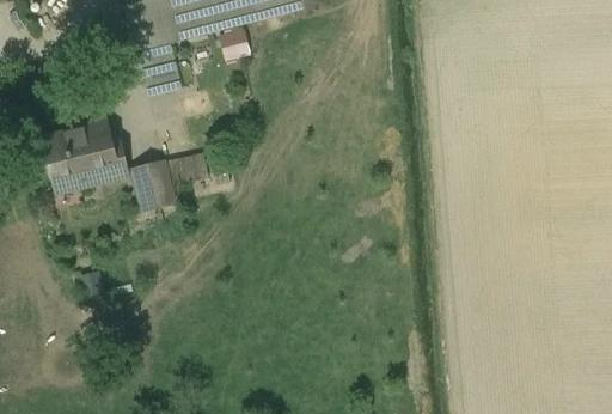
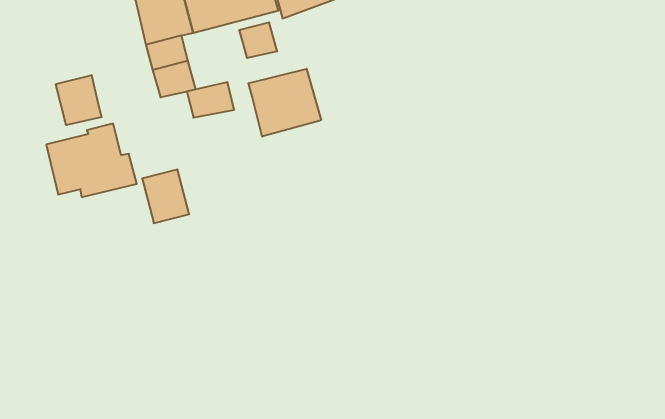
building: none -> [248,69,321,137]
building: none -> [56,75,102,125]
building: [165,151,208,183] -> [187,82,234,118]

